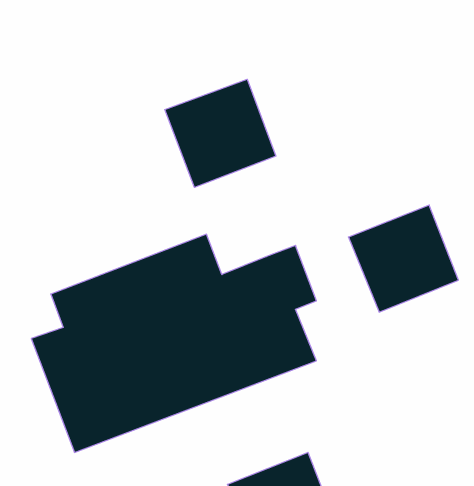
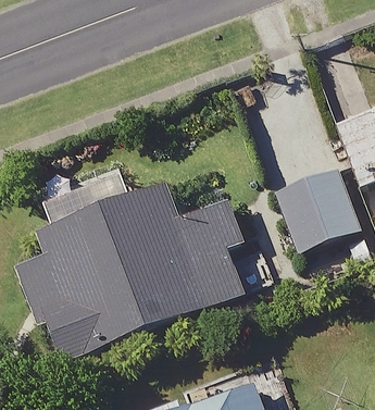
building: [165,79,276,187] -> none

